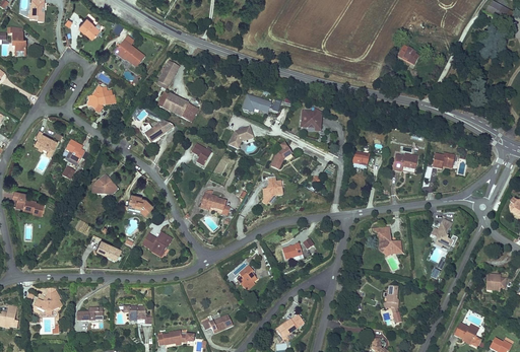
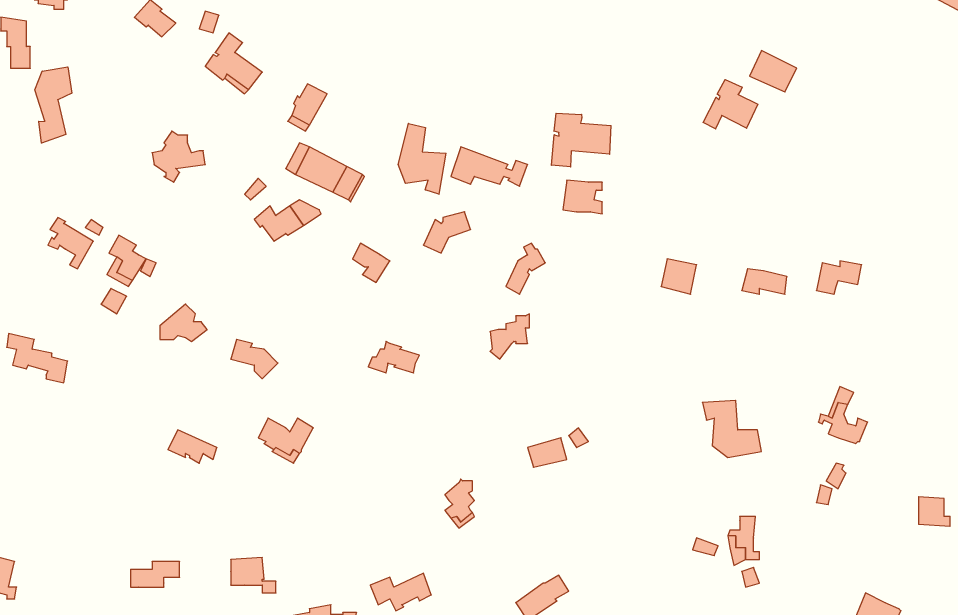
building: none -> [35,67,72,143]
building: none -> [703,80,758,129]
building: none -> [551,113,611,167]
building: none -> [398,123,446,194]
building: [35,287,62,311] -> none

